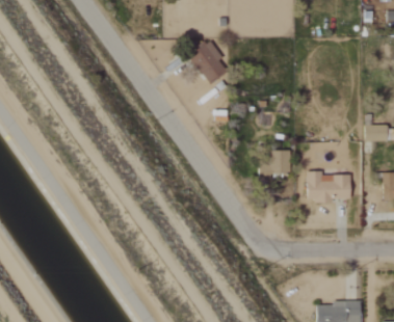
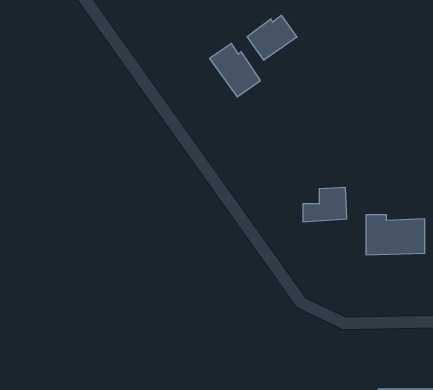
building: none -> [247,15,297,60]

